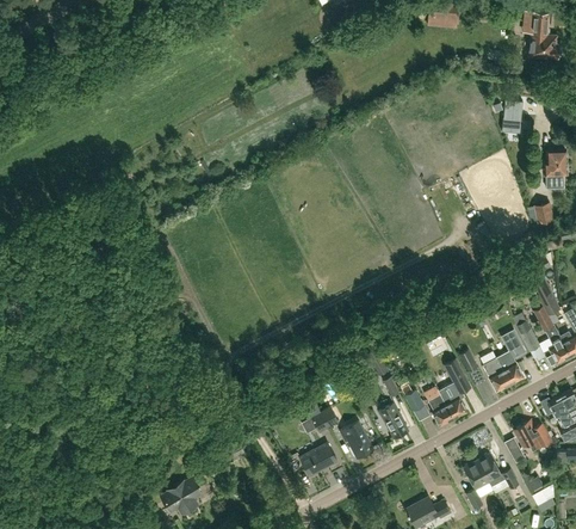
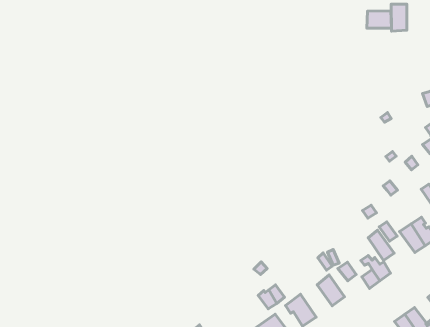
building: none -> [367,11,391,28]

